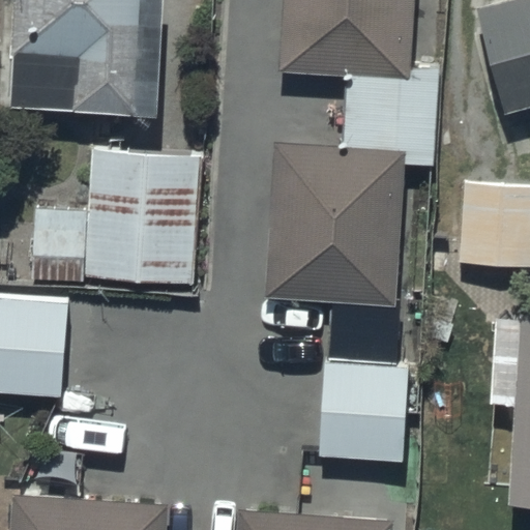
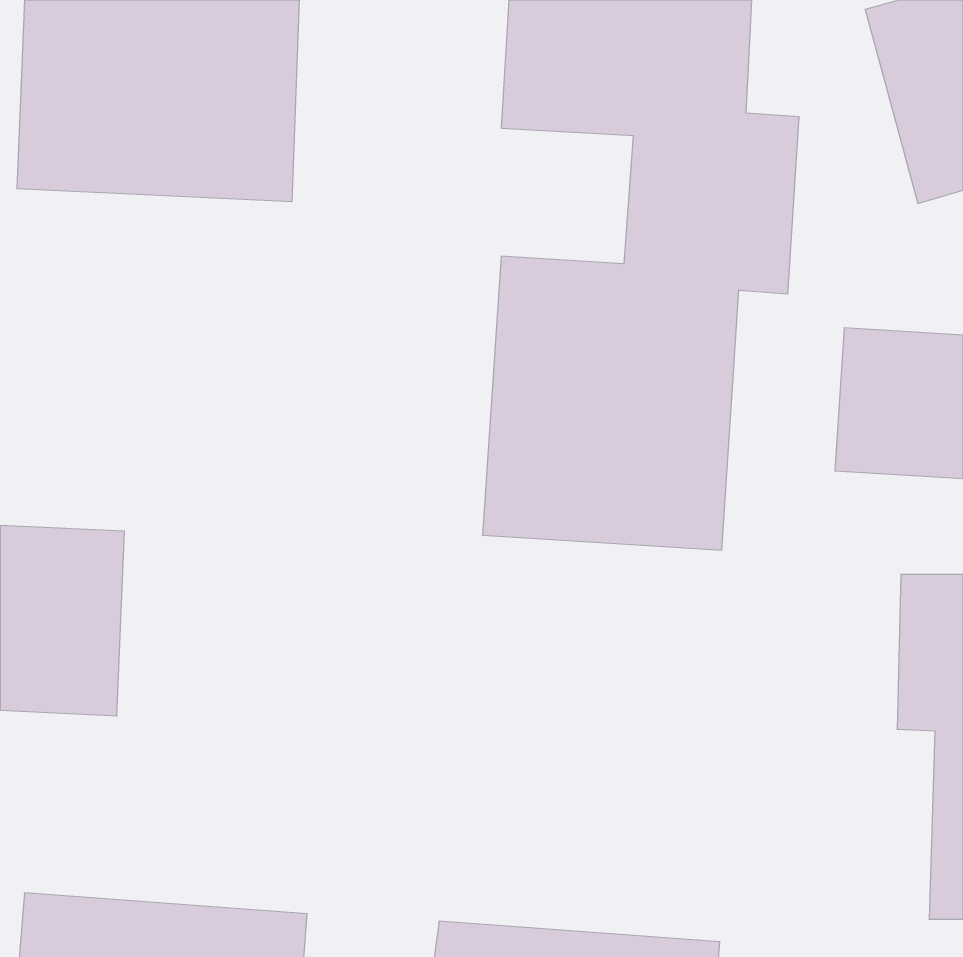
building: [30,150,199,285] -> none
building: [318,360,411,461] -> none

